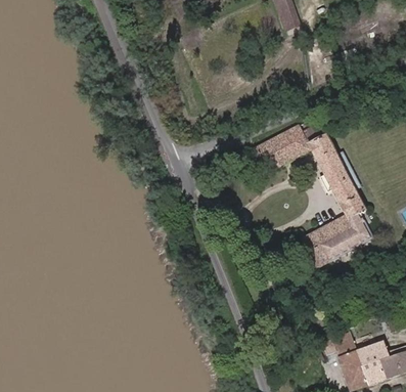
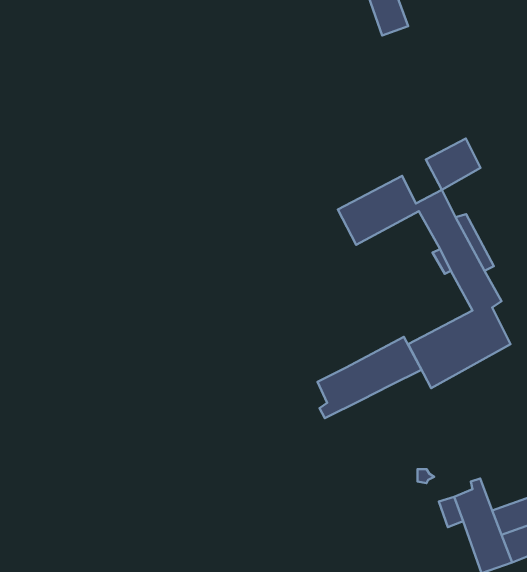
building: none -> [426,139,481,190]
building: none -> [317,337,422,418]

